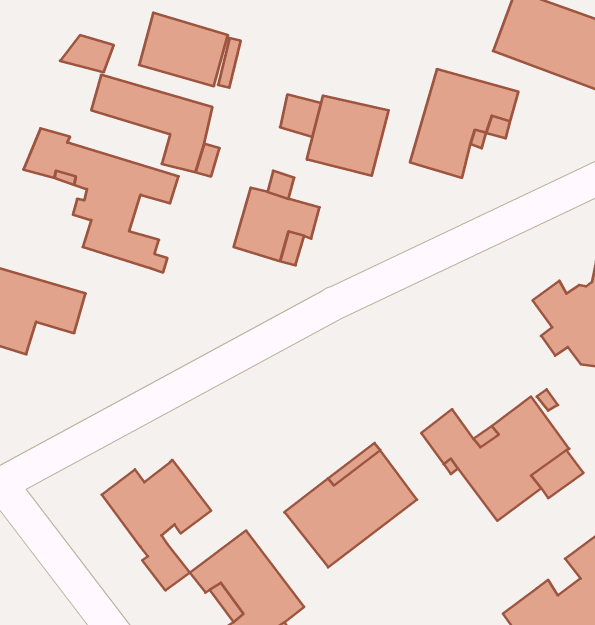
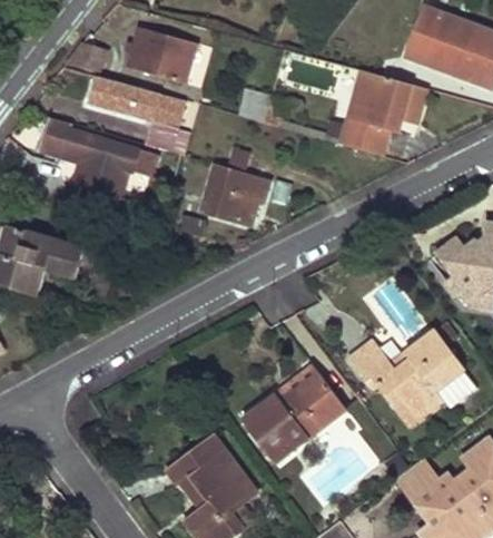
building: [307,96,389,176] -> none
building: [102,460,211,590] -> none
building: none -> [395,458,440,501]

